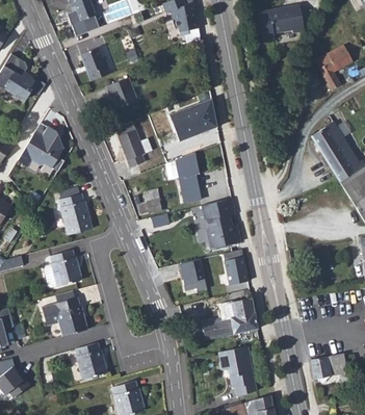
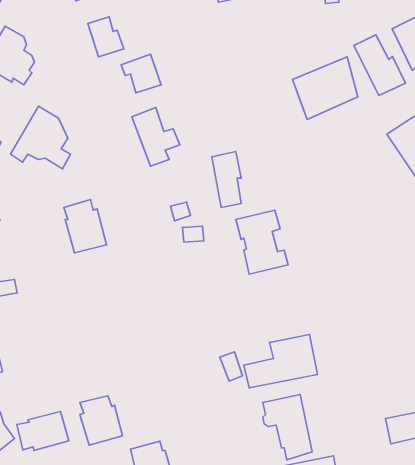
building: none -> [354,35,405,95]
building: [165,94,216,142] -> [292,57,358,119]
building: [41,251,83,289] -> none
building: [224,255,245,284] -> none
building: [178,260,207,291] -> none
building: [54,297,87,333] -> none
building: none -> [17,411,69,451]

